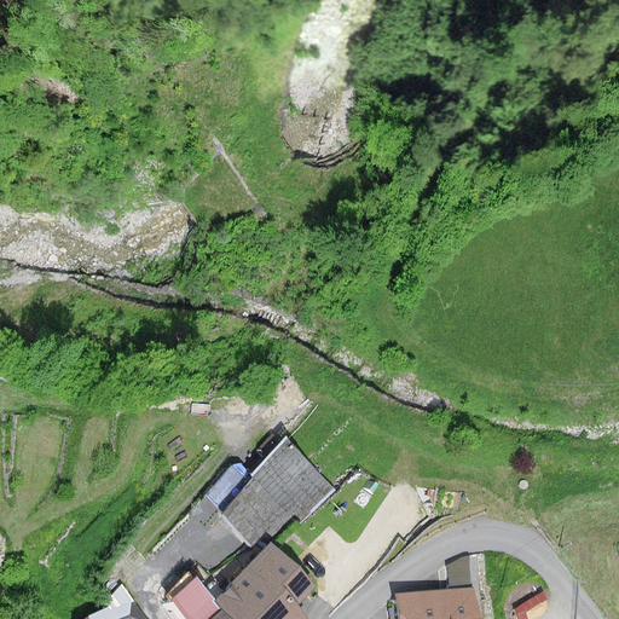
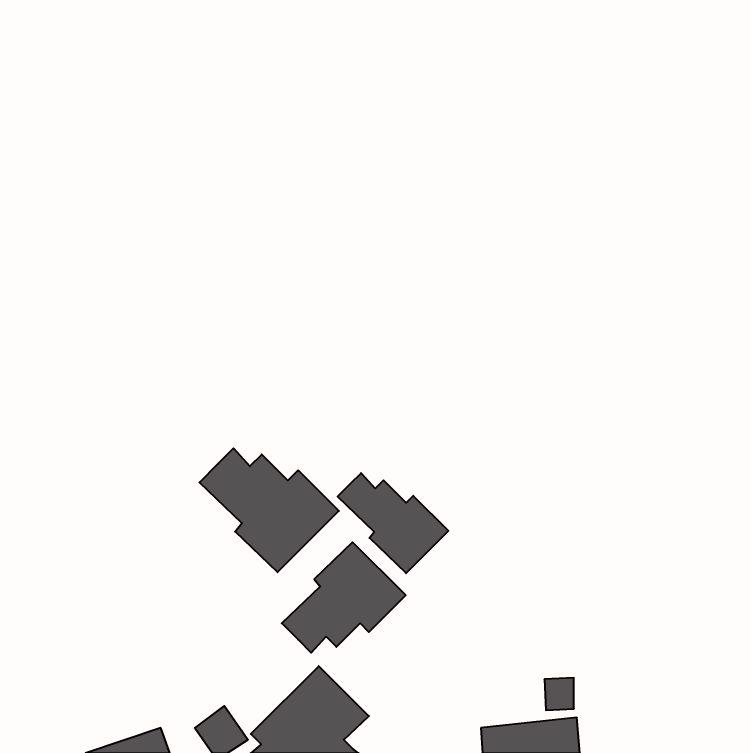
building: none -> [199,448,339,572]
building: none -> [338,473,448,573]

